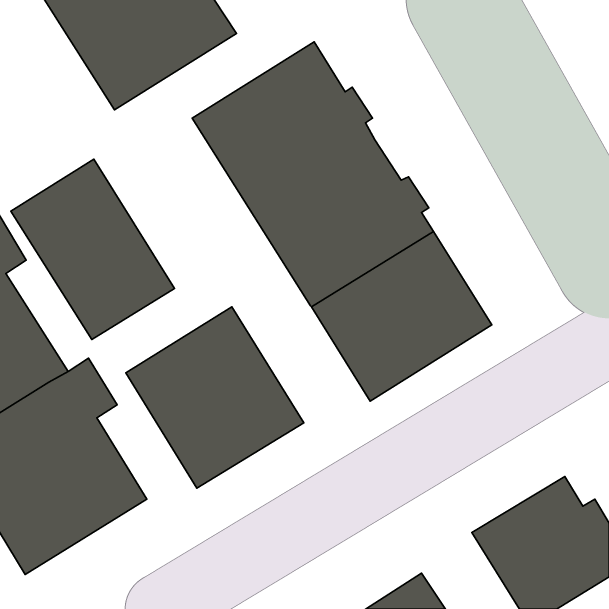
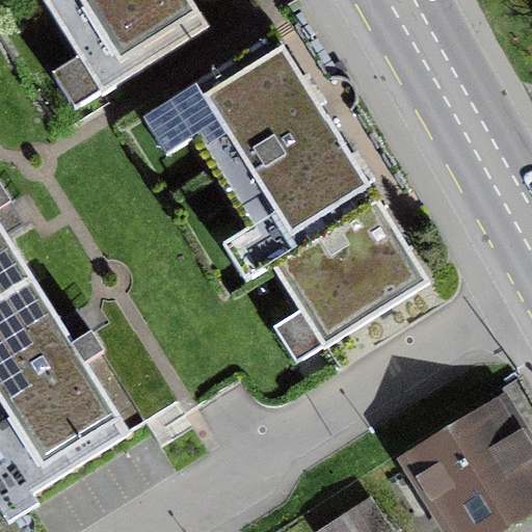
building: [11,159,174,340] -> none
building: [126,307,304,488] -> none

